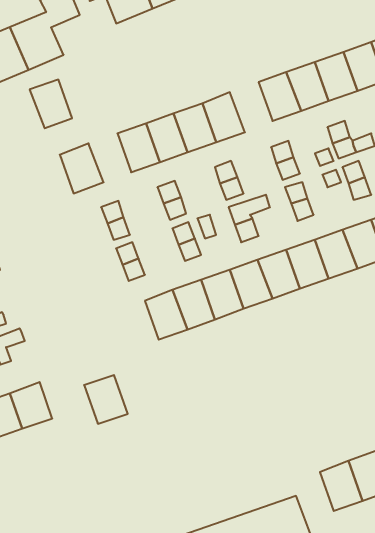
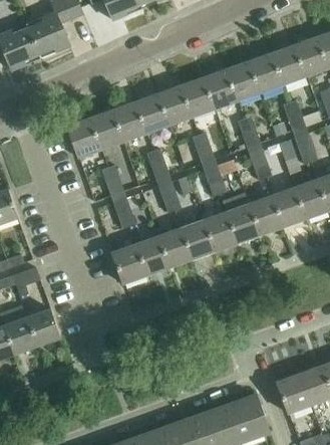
building: [30,80,72,128] -> [90,109,124,149]
building: none -> [204,68,238,108]
building: [84,375,128,424] -> [111,244,146,283]

